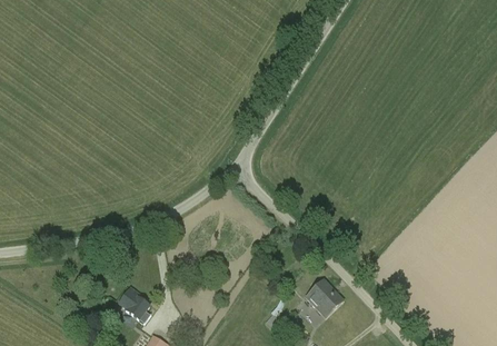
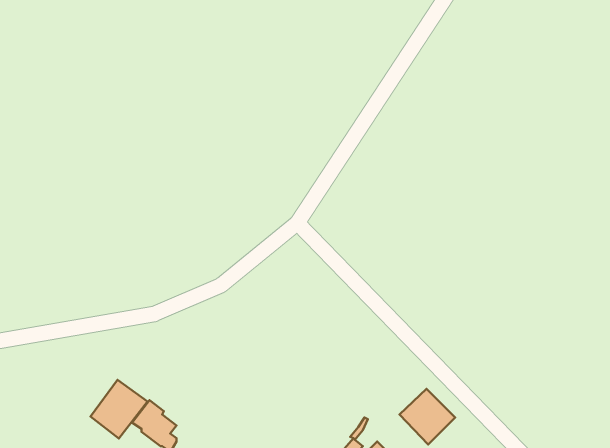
building: none -> [90,380,148,439]

